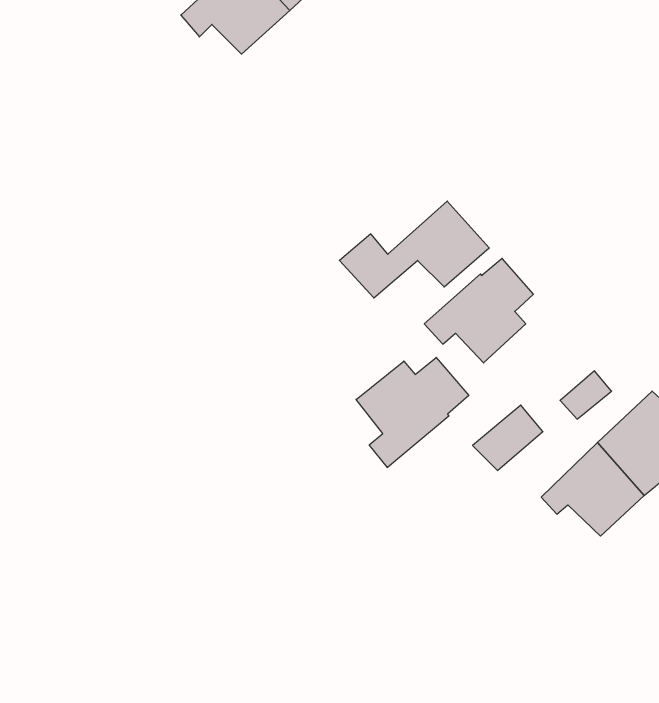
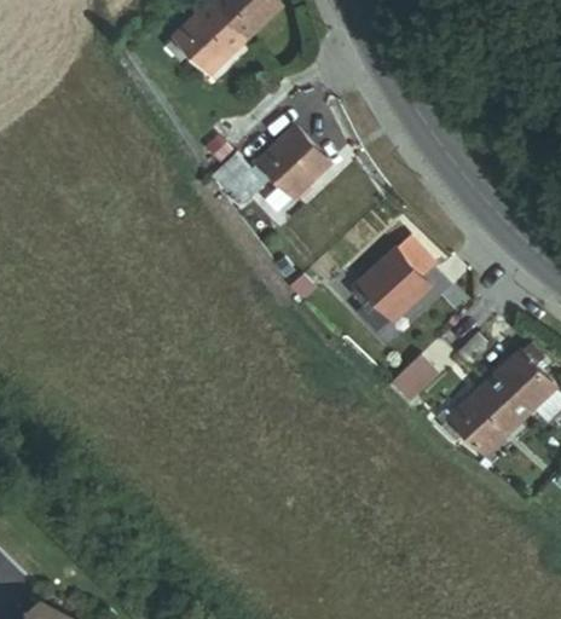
building: [339,201,489,298] -> [213,128,329,203]
building: [356,357,469,468] -> none

